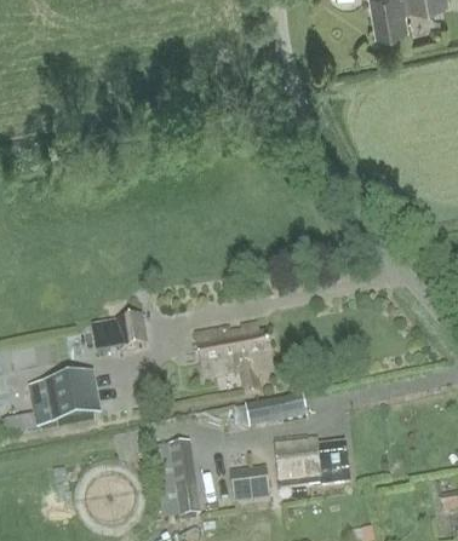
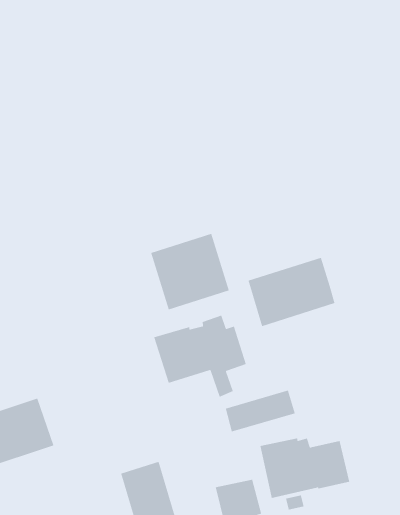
building: none -> [150,233,230,310]
building: none -> [247,257,336,327]
building: [92,312,149,351] -> none

